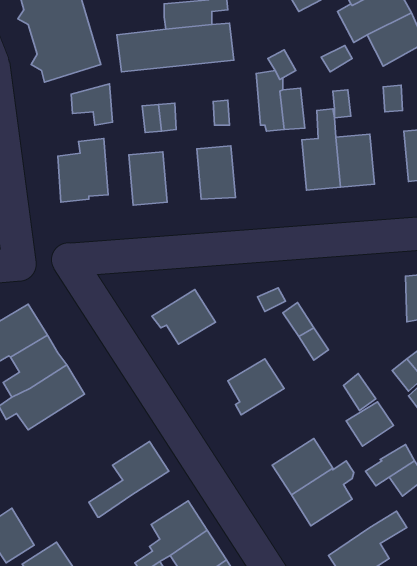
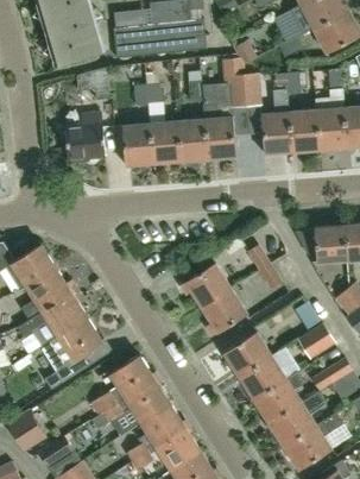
building: none -> [203,101,236,159]
building: none -> [316,106,347,149]
building: none -> [150,120,181,163]
building: none -> [315,222,346,261]
building: [152,290,215,344] -> [181,263,232,307]
building: none -> [42,317,109,382]
building: none -> [223,330,271,374]
building: none -> [90,379,170,429]
building: none -> [269,391,326,447]

